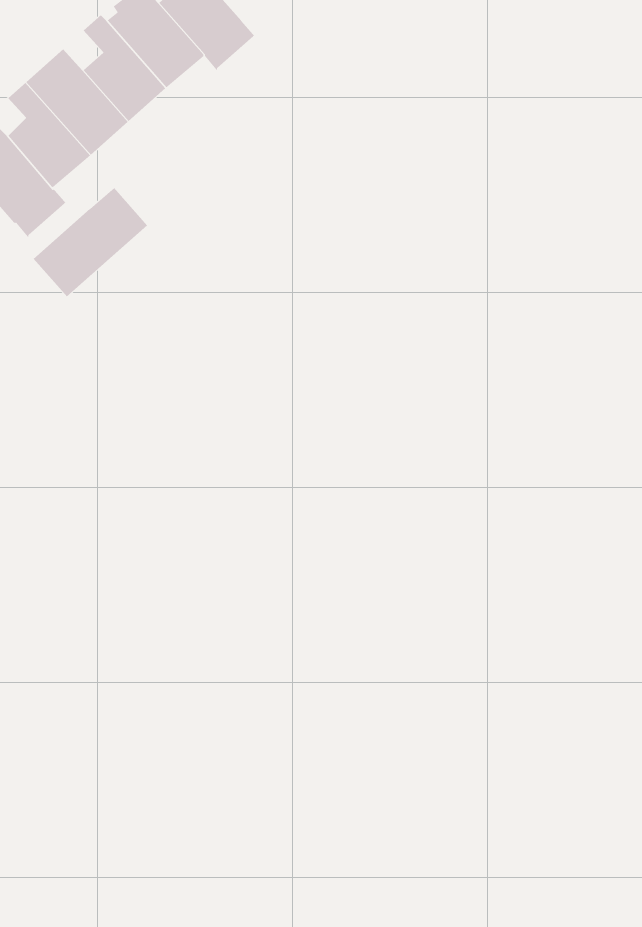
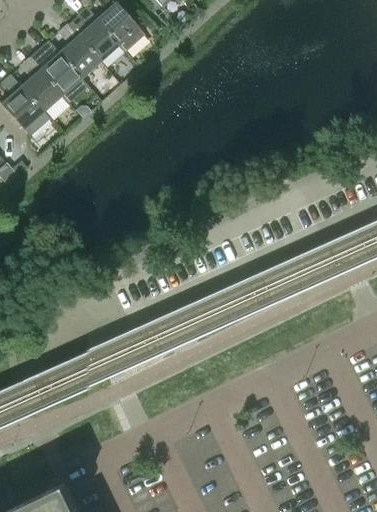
building: [33,187,148,297] -> none

